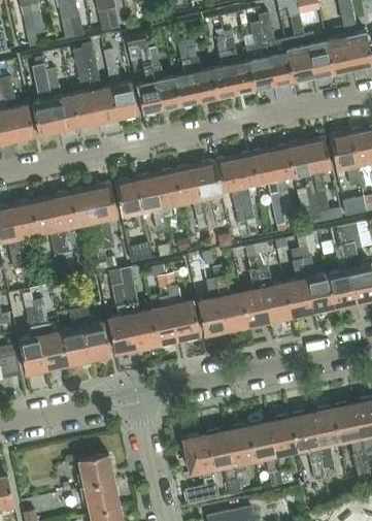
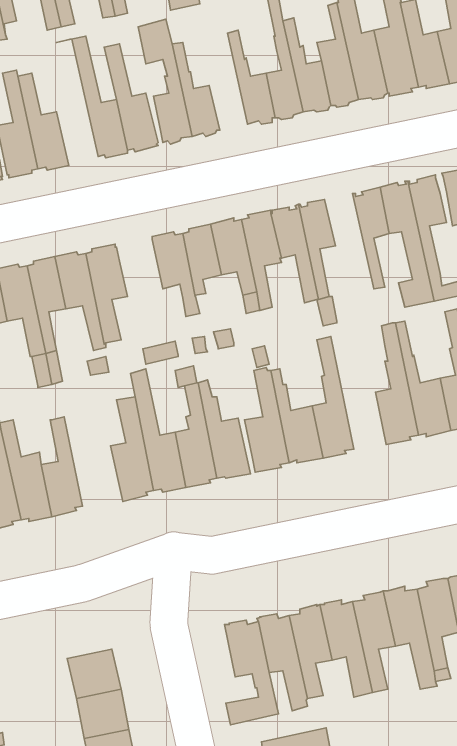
building: [173,41,199,107] -> none
building: [71,45,99,130] -> none
building: [250,149,286,230] -> none
building: [114,178,144,228] -> none
building: [255,243,292,321] -> none
building: [76,296,111,359] -> none

